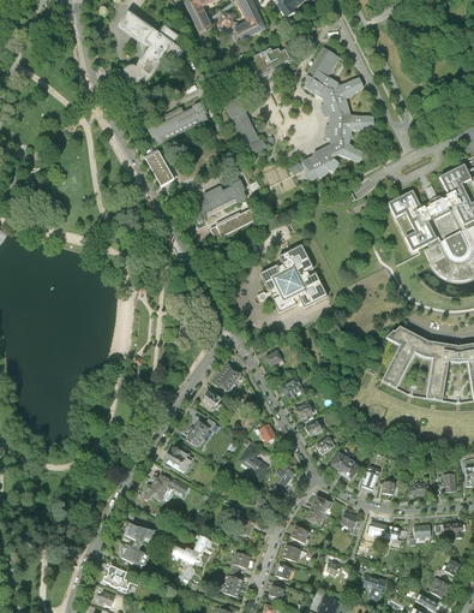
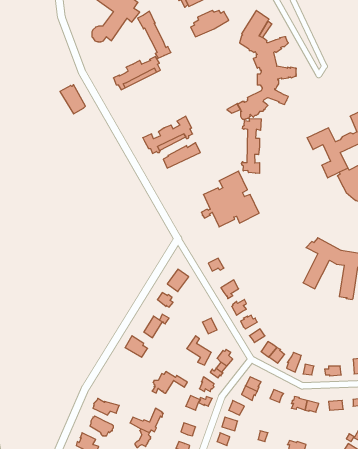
building: [224,96,265,154] -> [138,11,171,58]
building: [145,149,176,185] -> [60,85,85,114]
building: none -> [242,119,261,173]
building: [144,474,187,500] -> [152,372,187,393]

